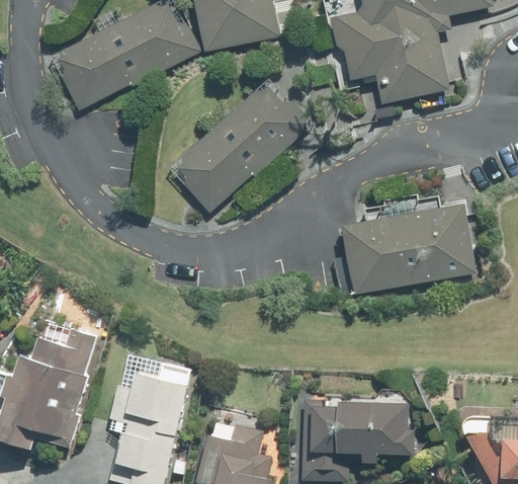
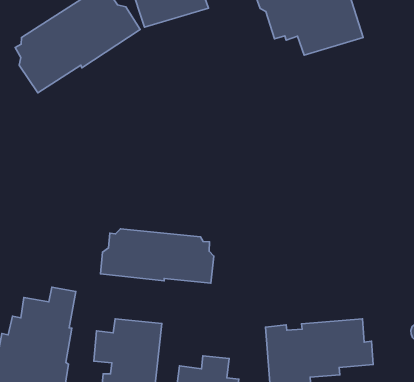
building: [176,85,312,212] -> none
building: [342,205,474,296] -> none
building: none -> [100,229,214,283]

